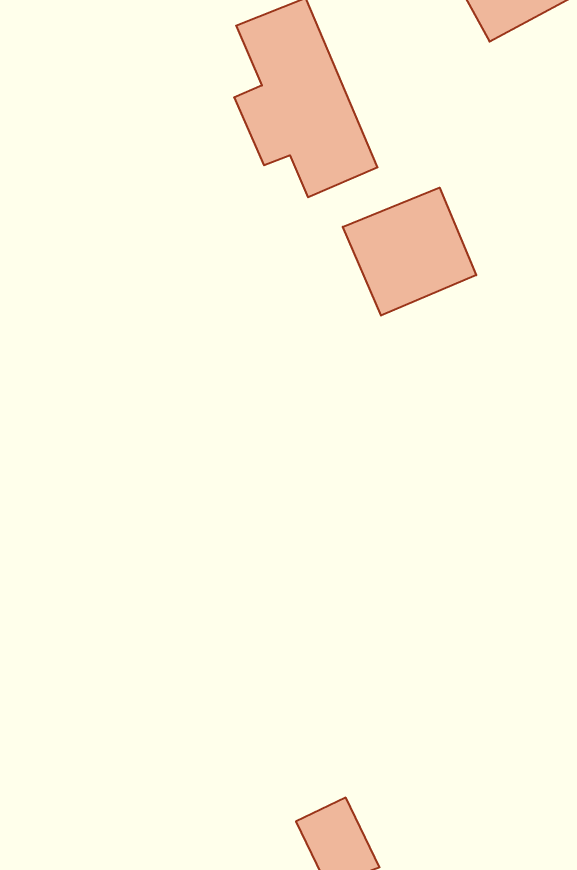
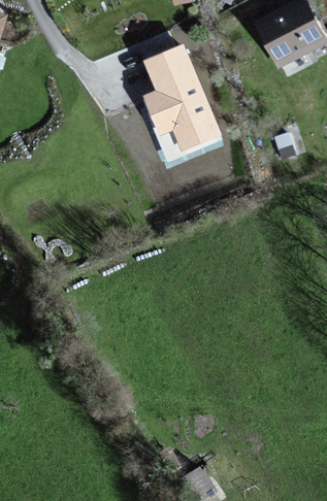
building: [343,188,476,316] -> none

